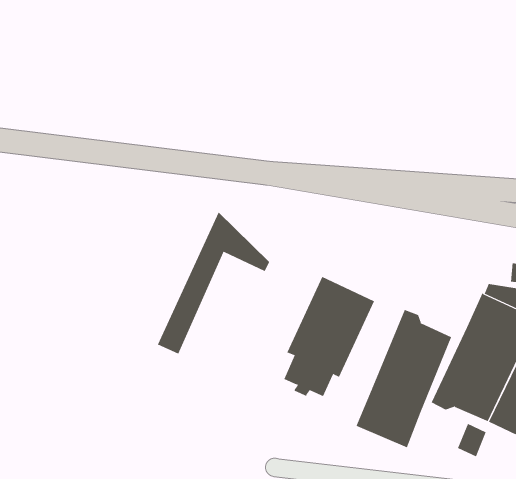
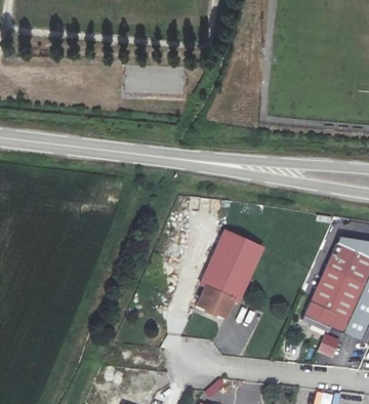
building: [157,212,270,355] -> none
building: [355,309,452,448] -> none

